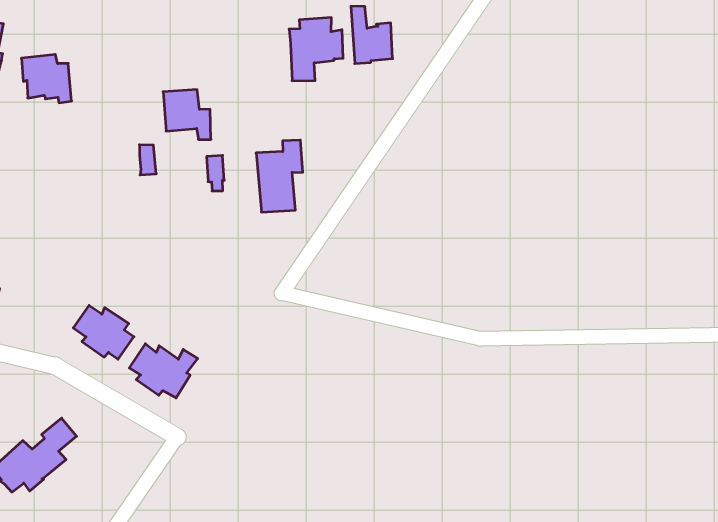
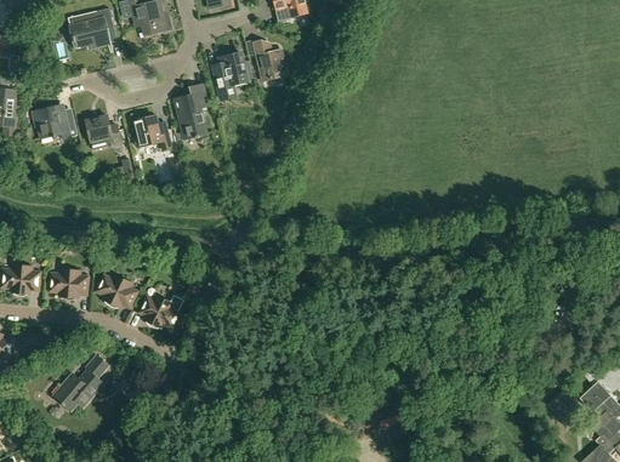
building: none -> [85,114,120,149]
building: [256,140,303,212] -> [174,85,207,138]
building: none -> [49,269,87,298]

